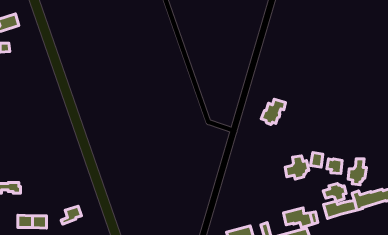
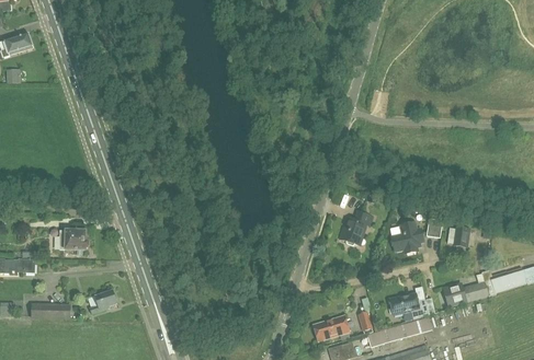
building: [261,99,286,124] -> [338,212,371,246]
building: none -> [58,225,88,249]
building: [348,159,366,185] -> none
building: [323,184,346,201] -> none

